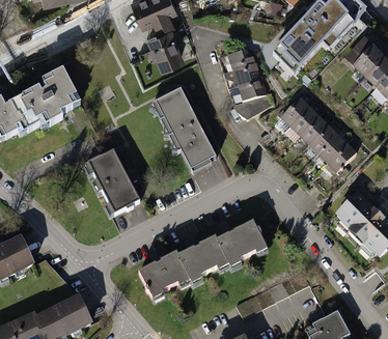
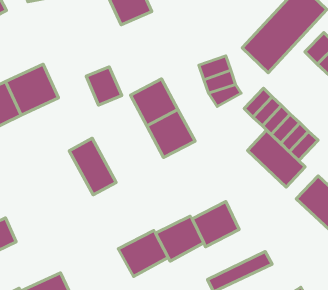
building: [145,28,184,69] -> [86,67,122,105]
building: [223,48,257,74] -> none
building: none -> [247,130,305,187]

